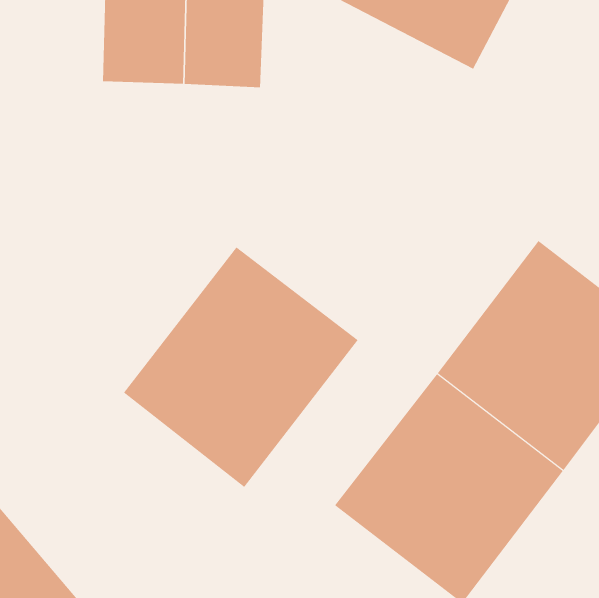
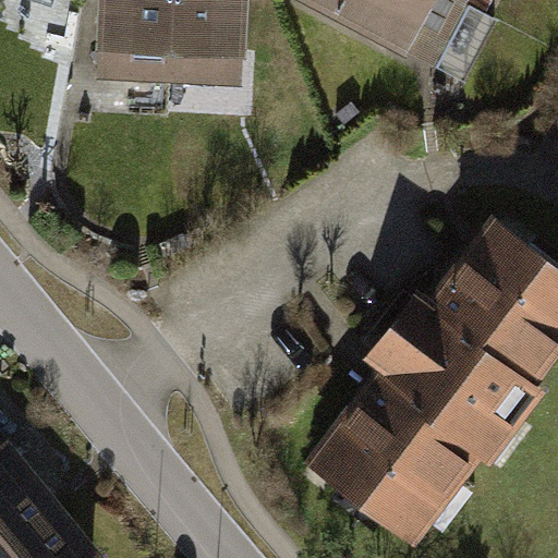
building: [123,247,359,488] -> none

